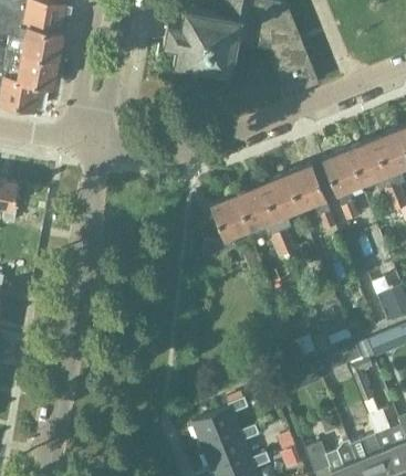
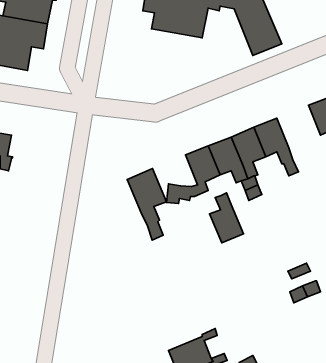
building: [323,150,362,220] -> none
building: none -> [127,168,167,240]
building: none -> [210,193,243,243]

